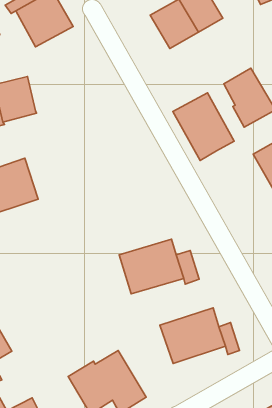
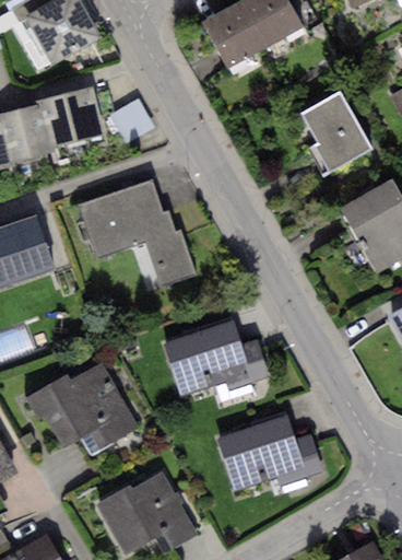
building: none -> [39,86,106,150]
building: none -> [109,98,154,142]
building: [173,93,234,160] -> none
building: none -> [78,179,194,284]
building: none -> [24,360,141,455]

